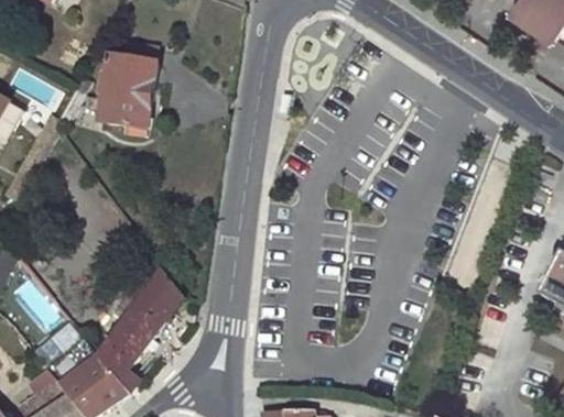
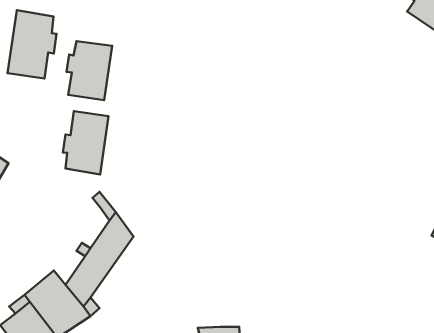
building: none -> [7,10,56,79]
building: none -> [63,111,109,174]

